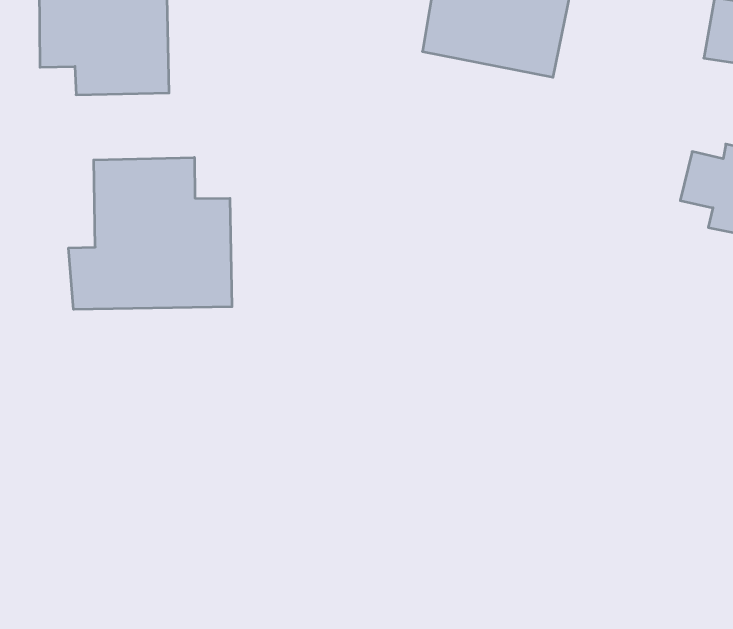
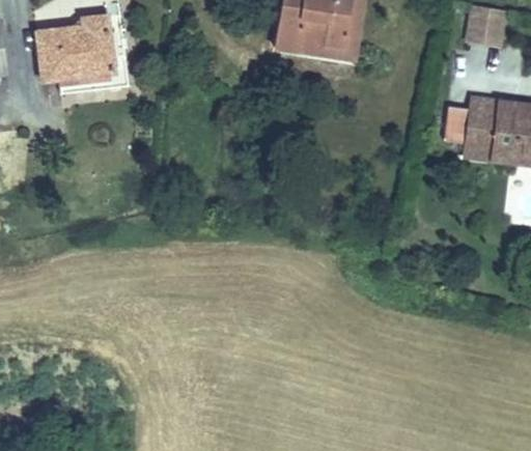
building: [69,157,232,309] -> none

